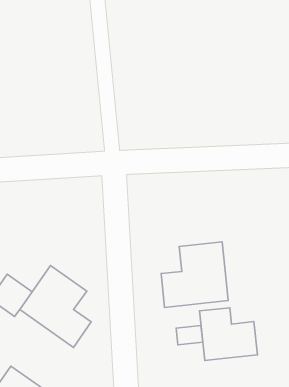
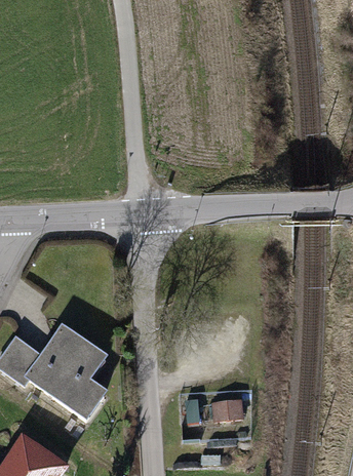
building: [161,242,228,307] -> none
building: [199,308,258,360] -> none

